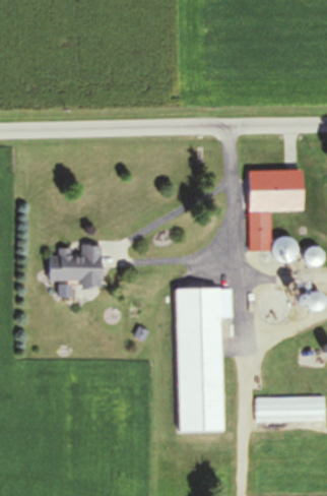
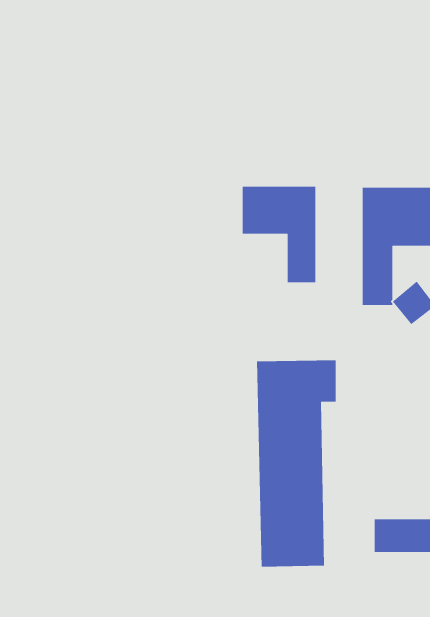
building: none -> [242,186,316,283]
building: [49,247,102,289] -> none

